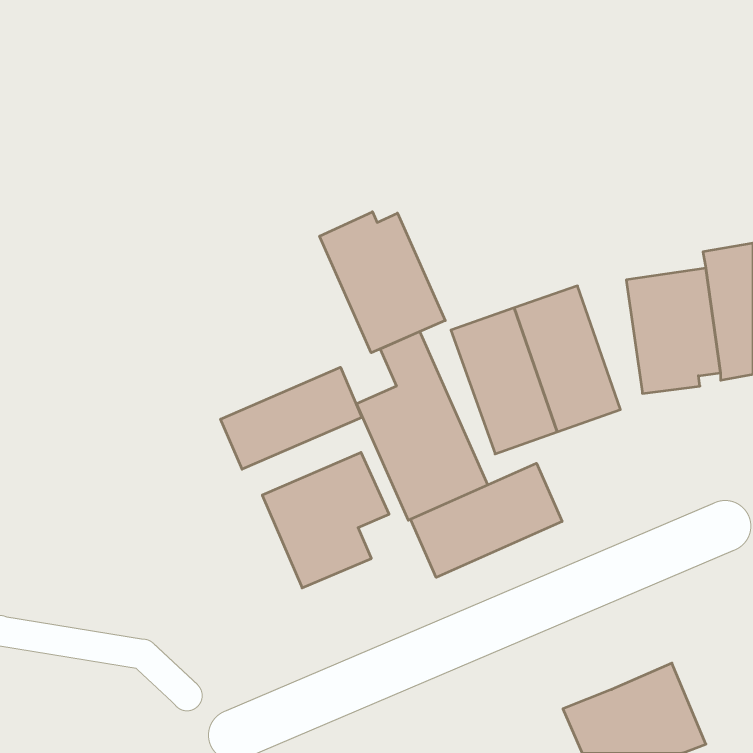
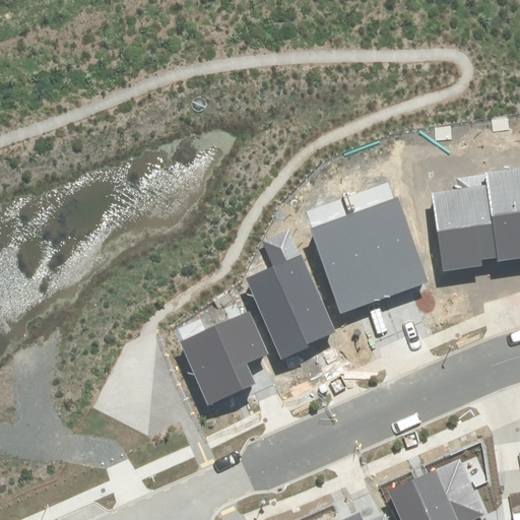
building: [320,212,445,353] -> none
building: [221,367,362,469] -> none
building: [411,463,562,577] -> none

